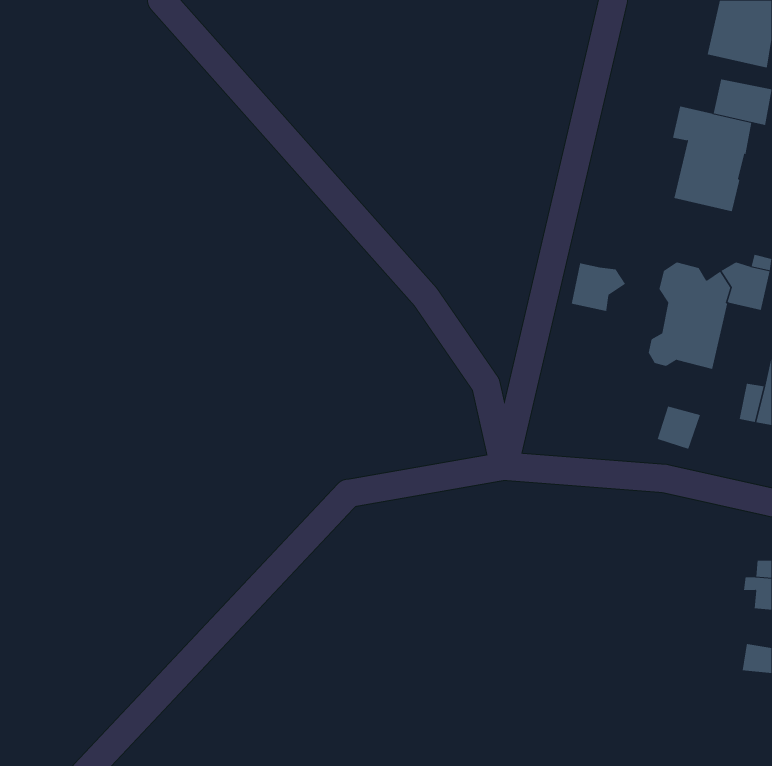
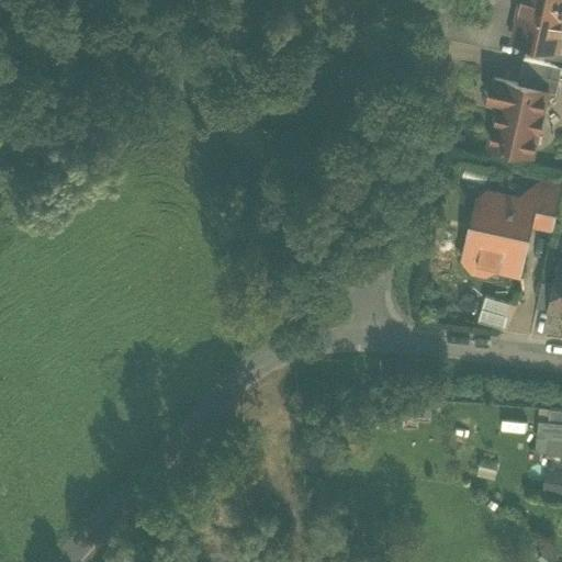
building: [571,263,626,312] -> none

